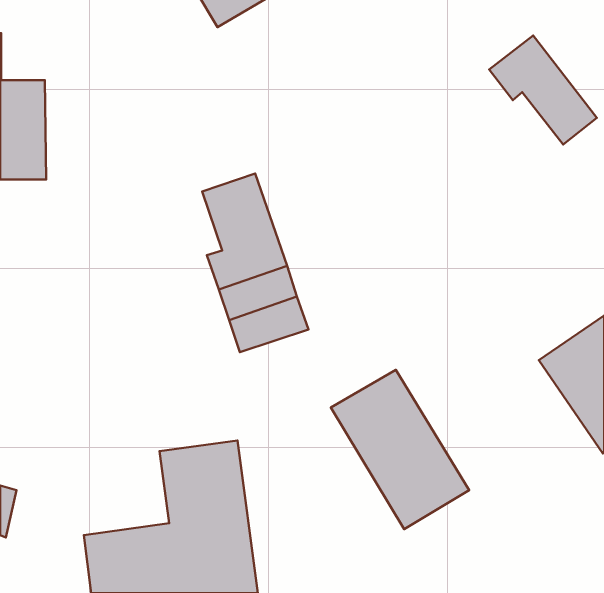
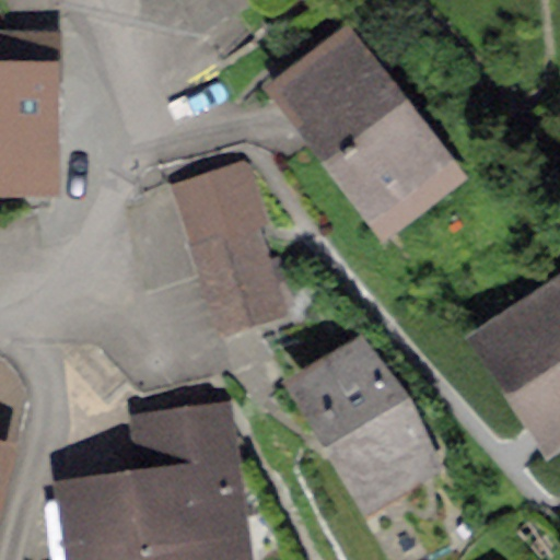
building: [489,35,597,145] -> none
building: none -> [292,38,447,207]

